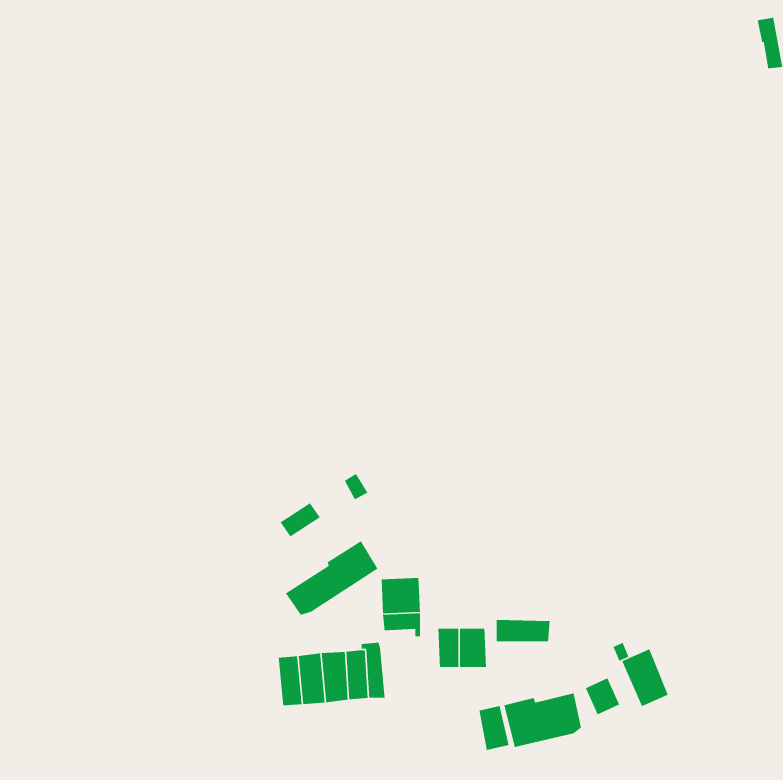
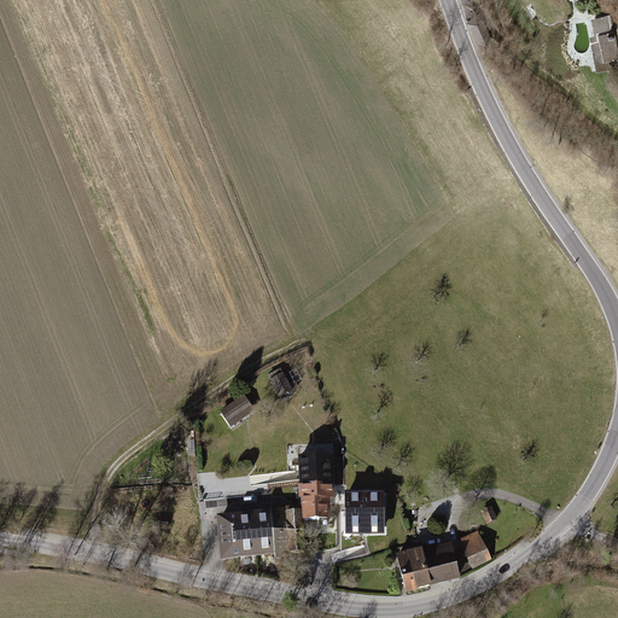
building: [285,540,378,616] -> none
building: [496,619,551,642] -> none
building: none -> [302,495,326,518]
building: [621,648,669,707] -> none
building: [479,705,509,751] -> none

